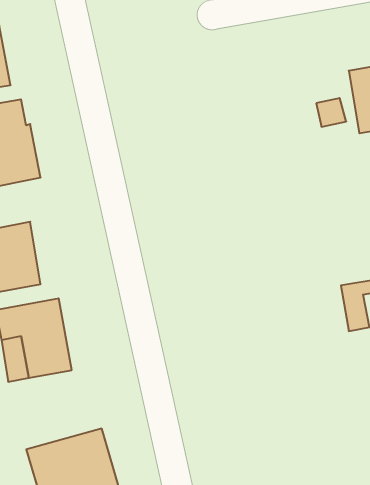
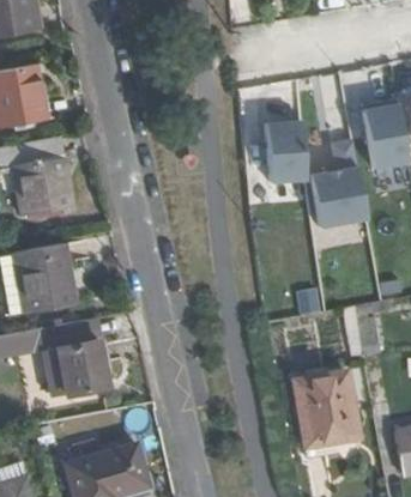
building: none -> [266,119,306,181]
building: none -> [312,165,369,225]
building: none -> [294,372,359,448]

